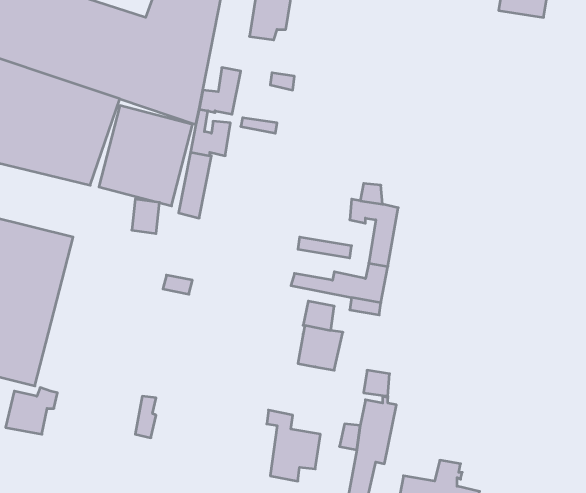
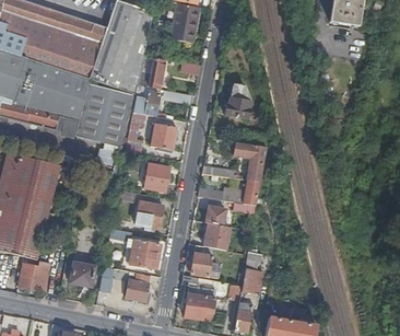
building: none -> [225,82,250,118]
building: none -> [151,123,177,150]
building: none -> [144,162,170,190]
building: none -> [134,200,163,229]
building: none -> [109,228,161,268]
building: none -> [191,244,220,277]
building: none -> [69,262,95,286]
building: none -> [126,271,151,300]

